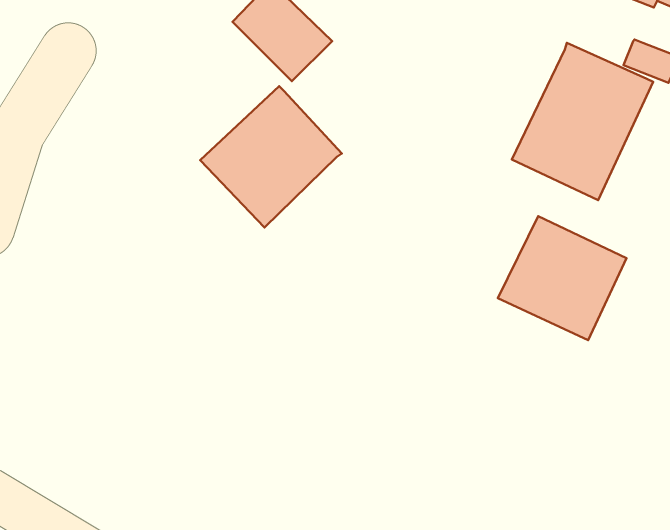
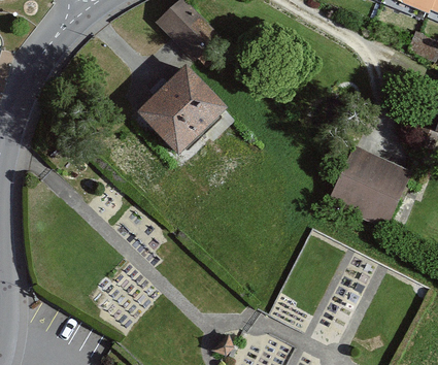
building: [512,43,653,200] -> none

